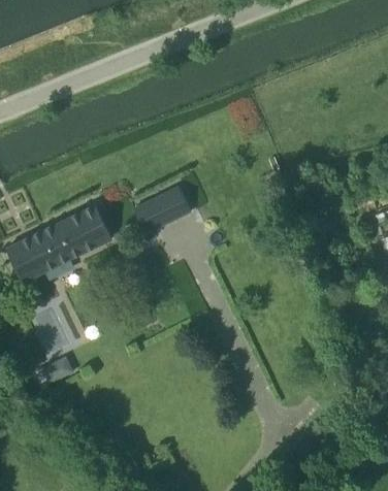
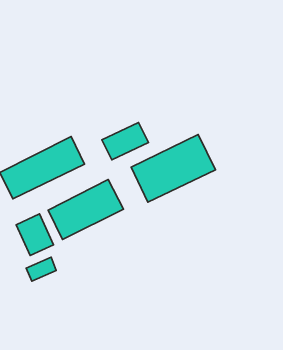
building: none -> [131,134,215,202]
building: none -> [48,179,123,239]

